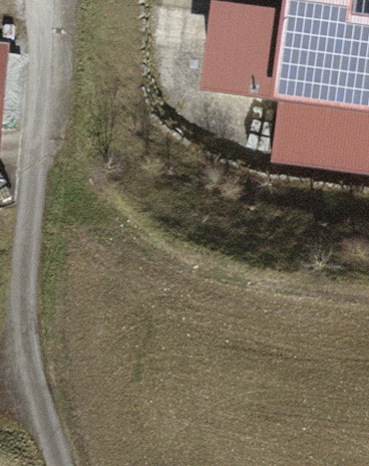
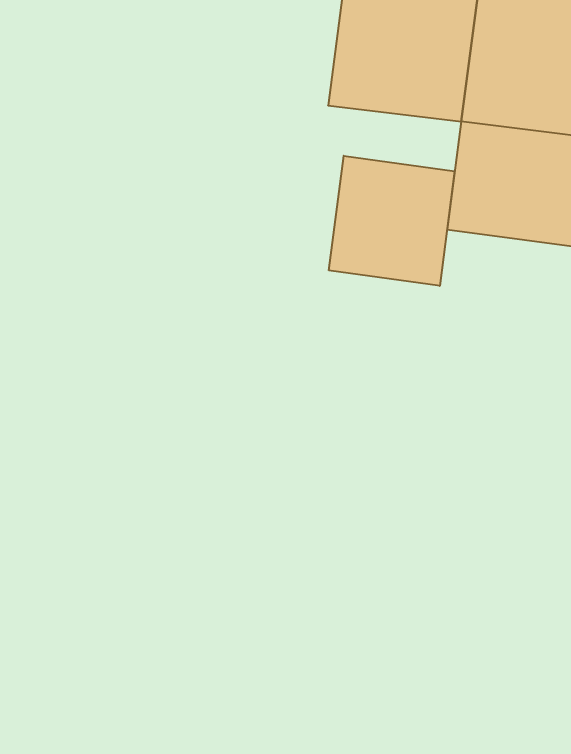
building: none -> [329,156,455,286]

